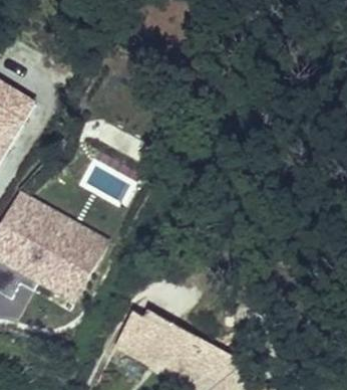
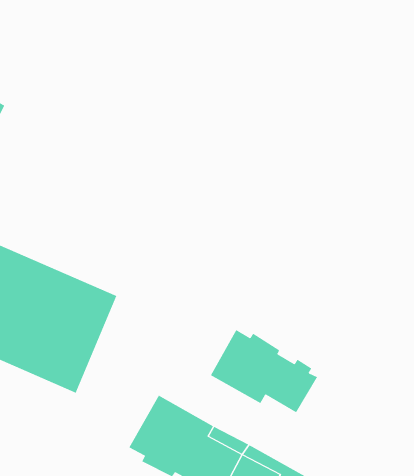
building: none -> [210,329,318,413]

